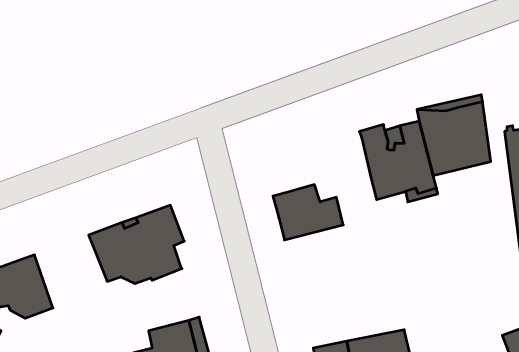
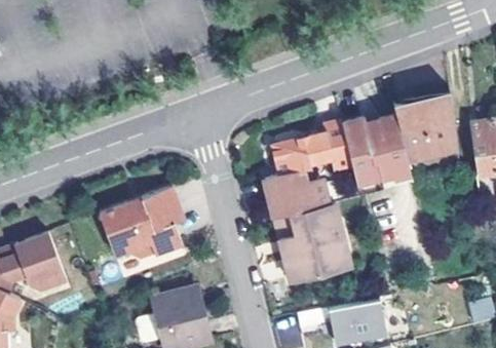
building: none -> [272,122,350,176]
building: none -> [273,205,351,286]

